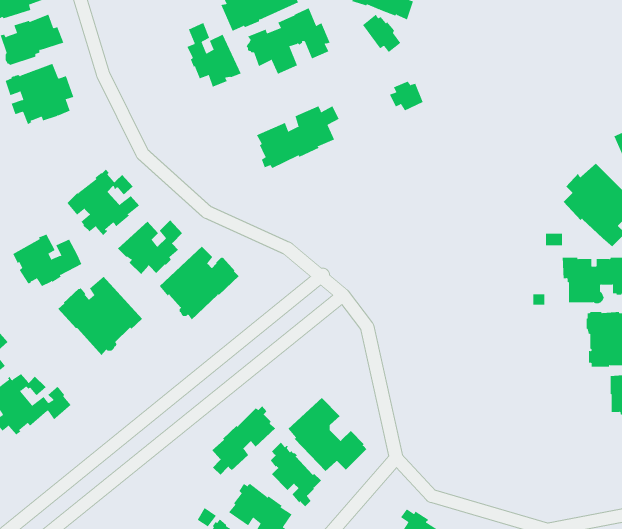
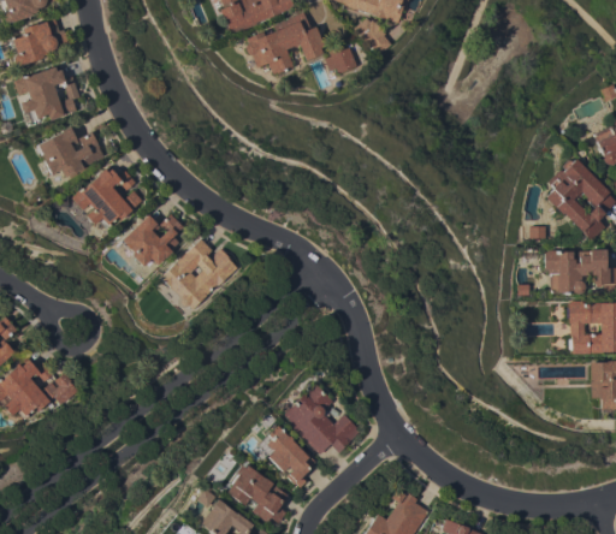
building: [187,22,241,87] -> none
building: [389,81,423,111] -> [325,44,357,73]
building: [256,106,339,169] -> none
building: [13,234,82,287] -> [38,126,105,177]
building: [57,276,143,356] -> none
building: [212,406,276,476] -> none

